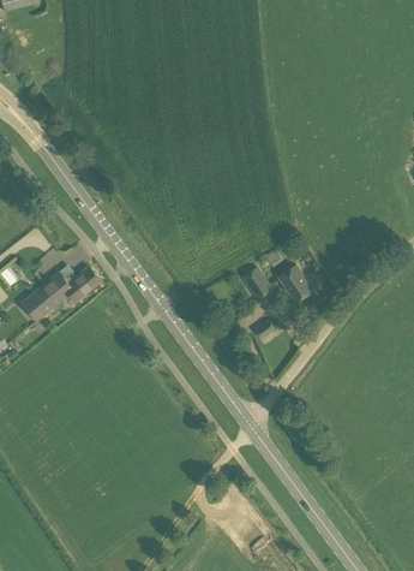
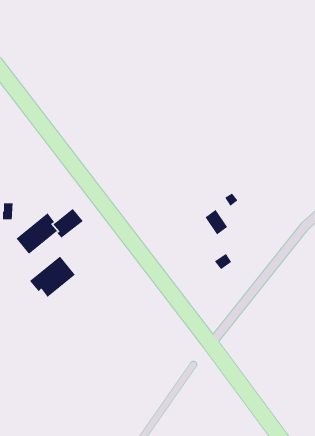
building: [278,264,313,302] -> none
building: none -> [28,255,76,298]

